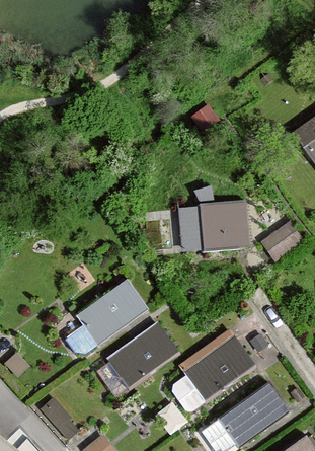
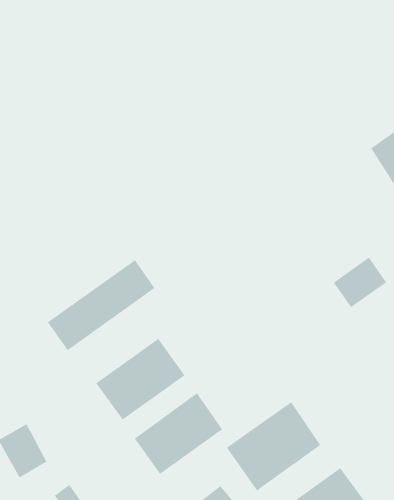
building: [175,202,245,253] -> none
building: none -> [47,259,155,351]

